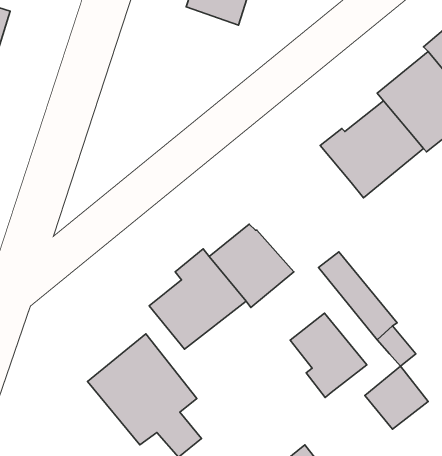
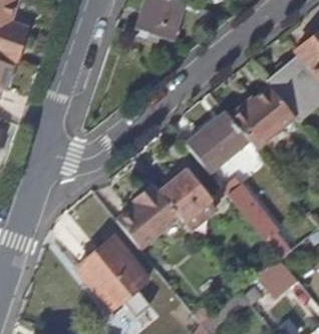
building: none -> [187,112,249,172]
building: [290,313,367,397] -> none

